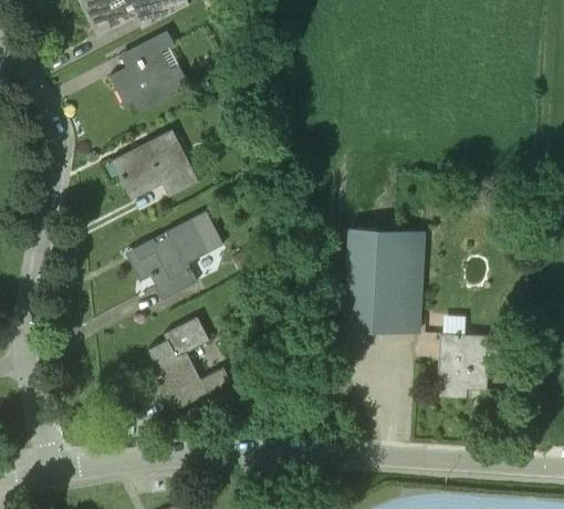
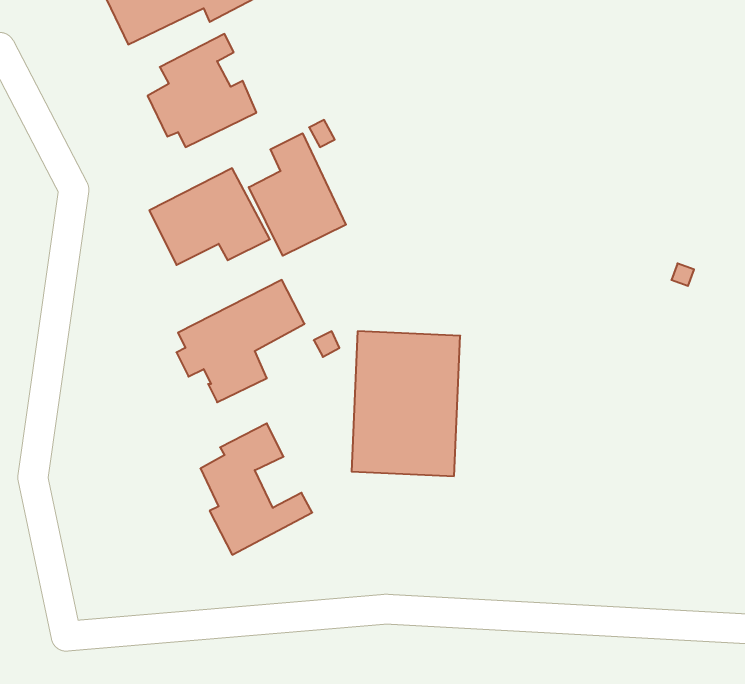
building: none -> [249,133,346,256]
building: [345,226,425,332] -> [352,331,460,476]
building: [437,332,489,398] -> none

